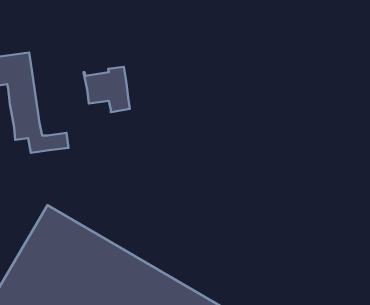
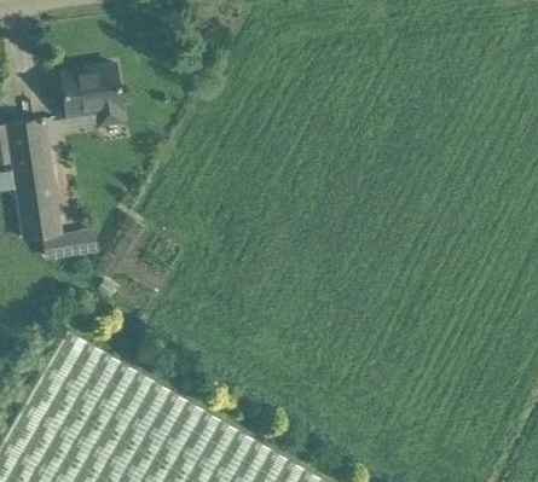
building: [84,67,130,112] -> [60,64,125,127]

